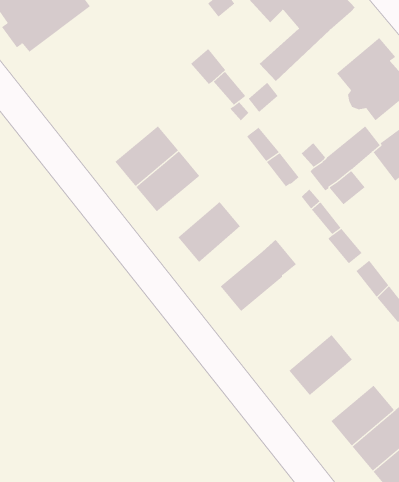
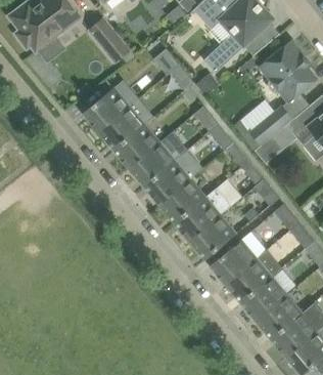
building: none -> [89,18,129,61]
building: none -> [83,86,130,131]
building: none -> [129,130,189,186]
building: none -> [159,178,205,222]
building: none -> [190,215,236,259]
building: none -> [210,239,257,284]
building: none -> [240,276,287,321]

